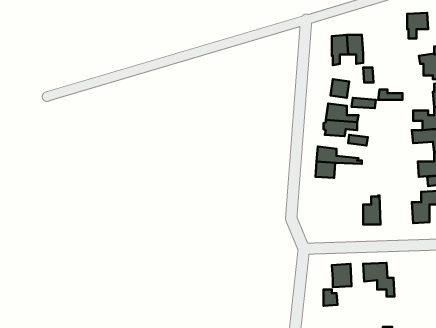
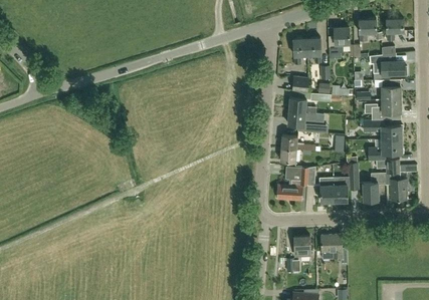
building: none -> [329,27,350,58]
building: none -> [335,163,358,202]
building: none -> [277,168,308,200]

